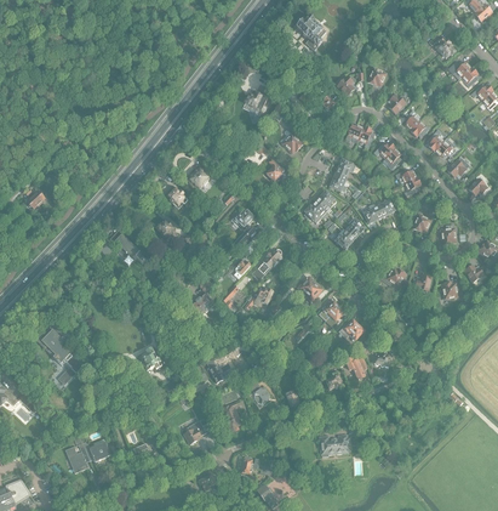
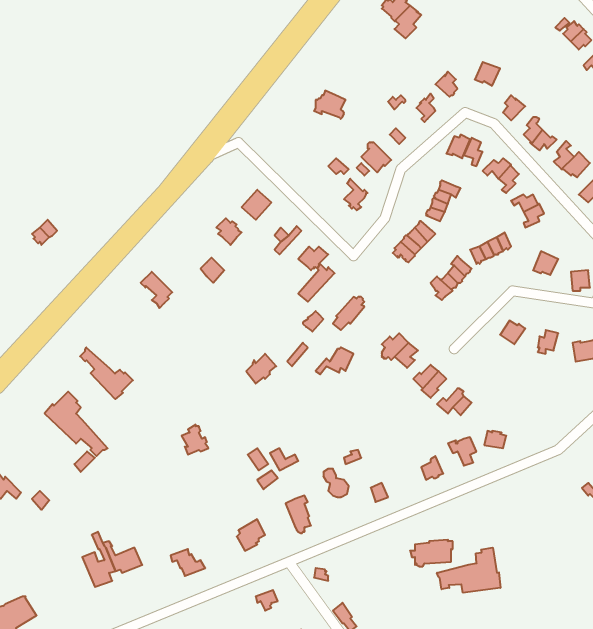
building: none -> [80,347,133,399]
building: none -> [437,548,500,593]

